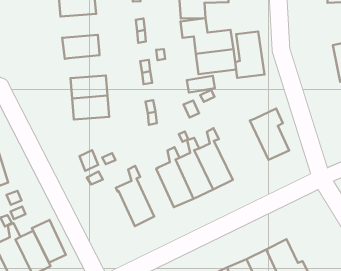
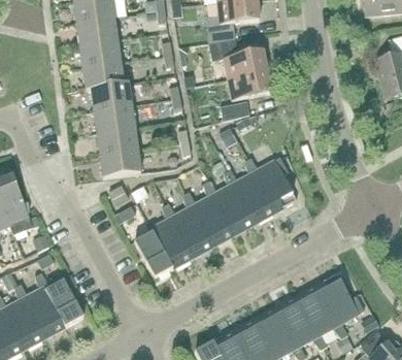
building: none -> [79,40,121,68]
building: [235,32,264,78] -> none
building: none -> [91,84,132,111]
building: [250,109,289,160] -> [253,156,297,211]
building: none -> [100,151,141,178]
building: none -> [171,191,213,256]
building: [32,220,66,263] -> [134,230,172,276]

